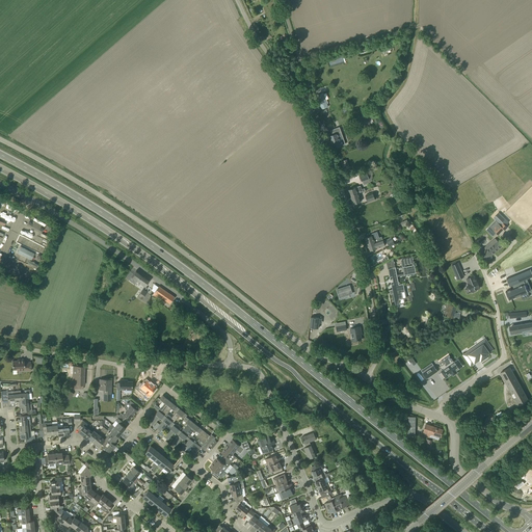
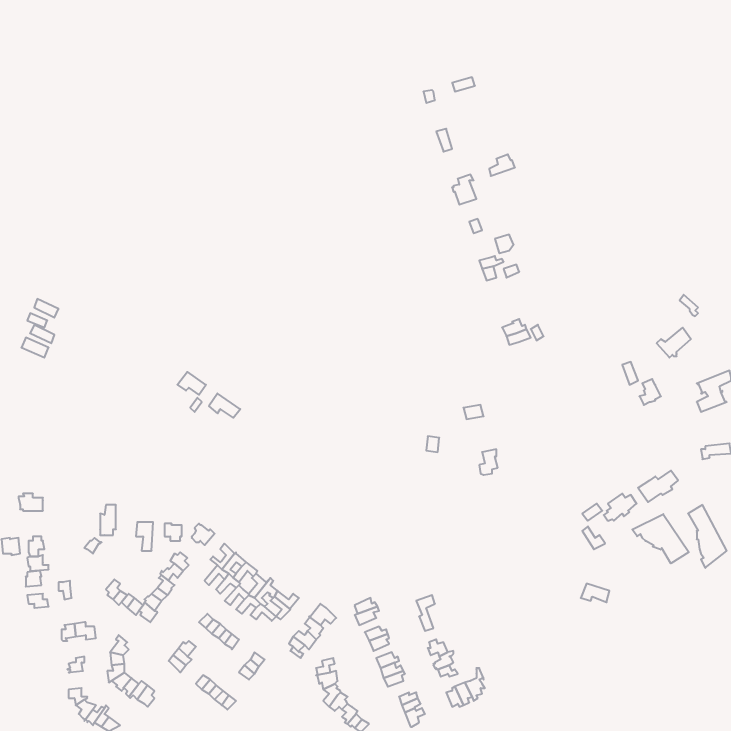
building: [389,265,416,304] -> none
building: none -> [632,514,689,563]

